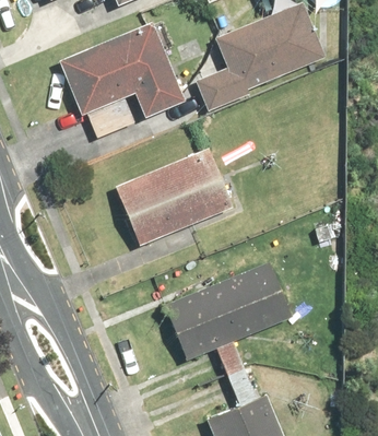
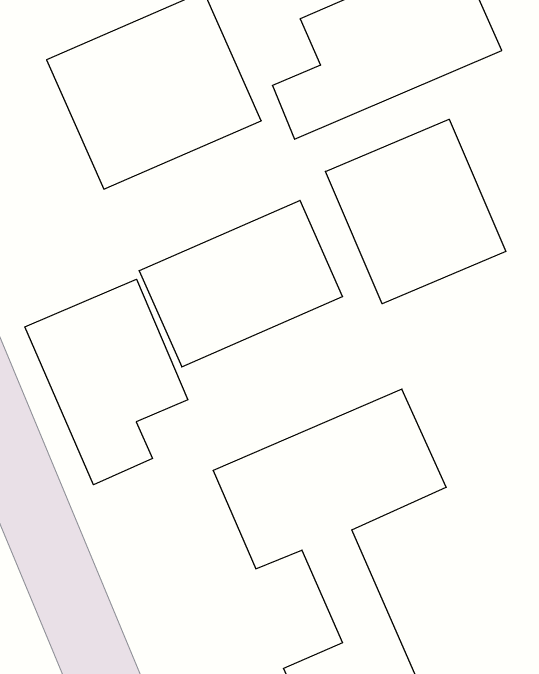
building: none -> [325,119,506,304]
building: none -> [25,279,188,485]

